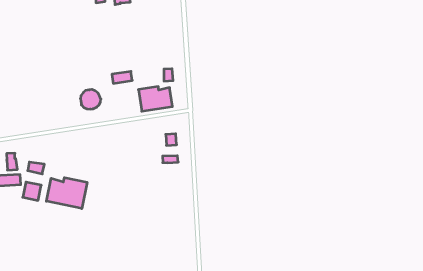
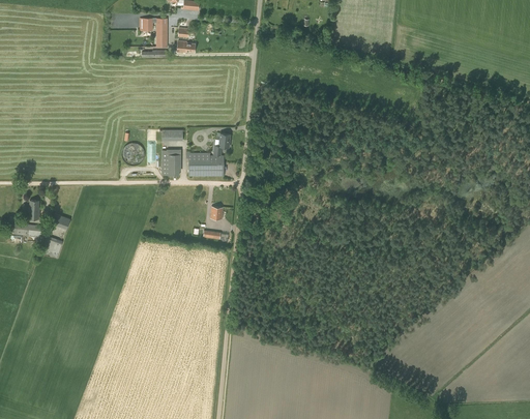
building: none -> [161,149,181,175]
building: [46,178,87,209] -> none

